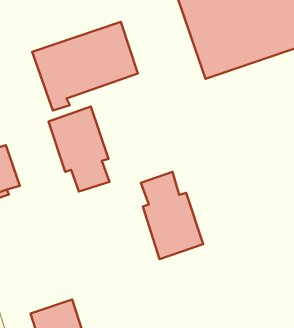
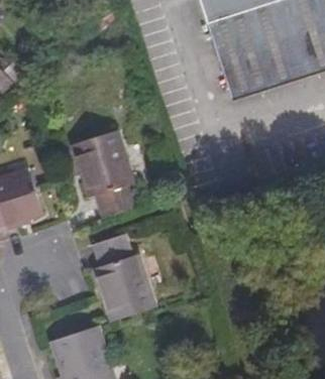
building: [32,22,138,110] -> none
building: [141,172,203,259] -> [91,232,154,321]

